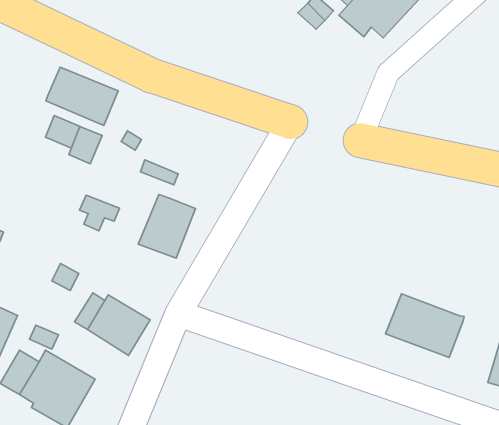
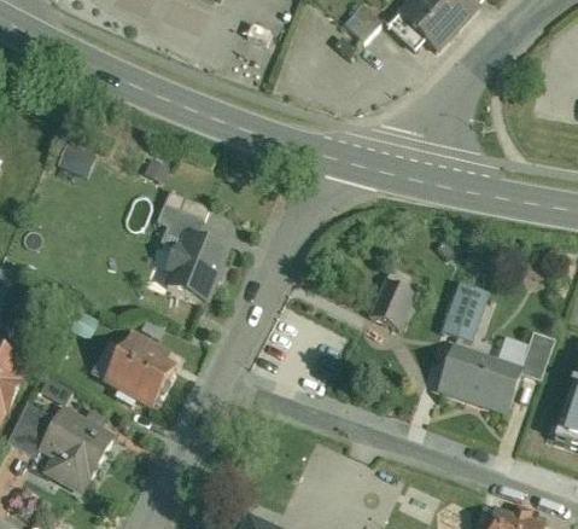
building: [46,67,118,126] -> none
building: [69,127,102,164] -> none
building: [80,195,119,231] -> [157,203,202,243]
building: none -> [369,277,415,325]
building: none -> [443,279,491,338]
building: none -> [520,330,554,376]

